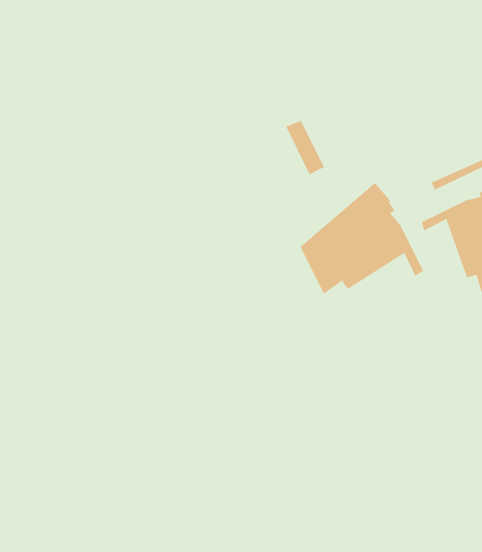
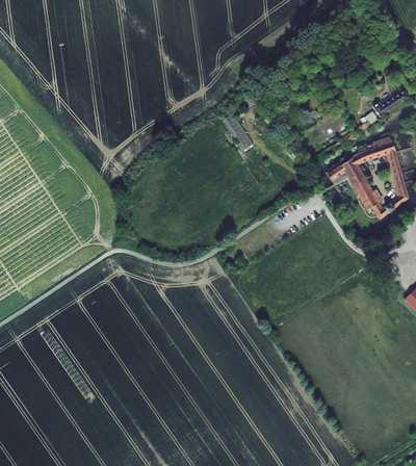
building: [300,182,424,294] -> none

